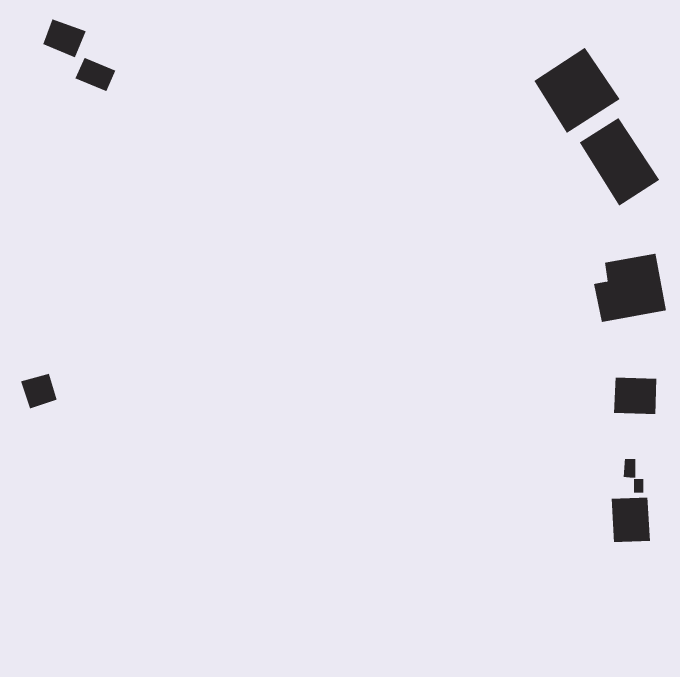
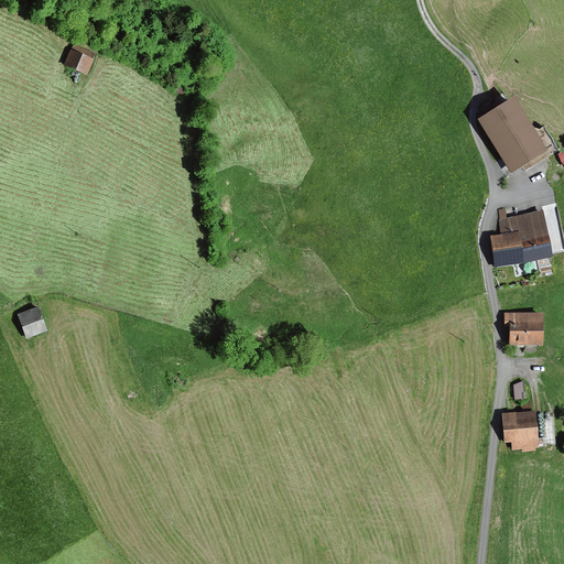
building: [42,18,86,58] -> none
building: [534,47,620,134] -> none

